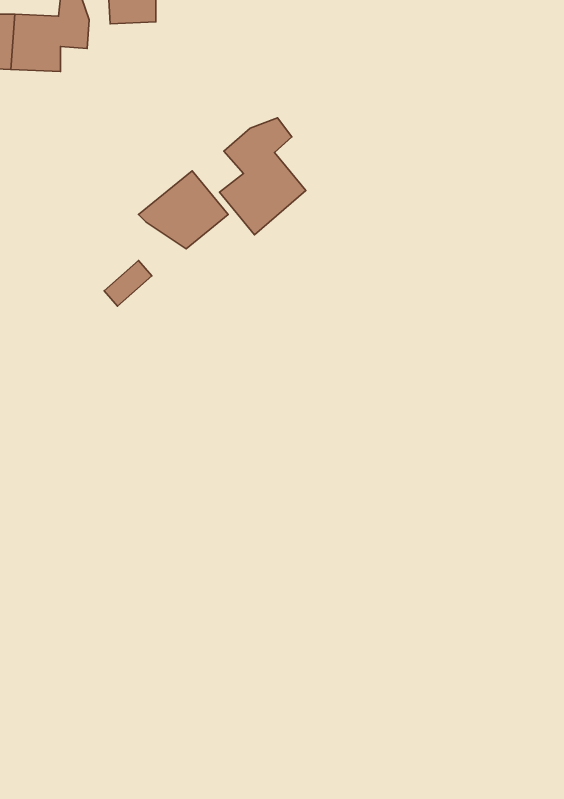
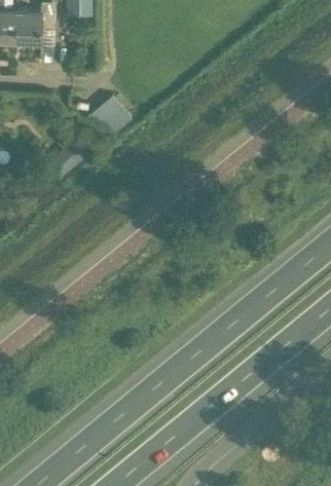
building: [219,118,306,235] -> none

